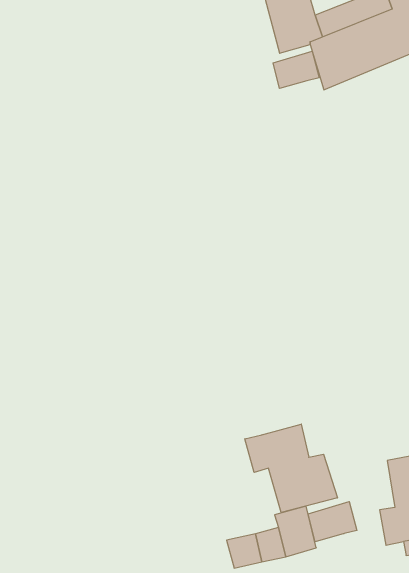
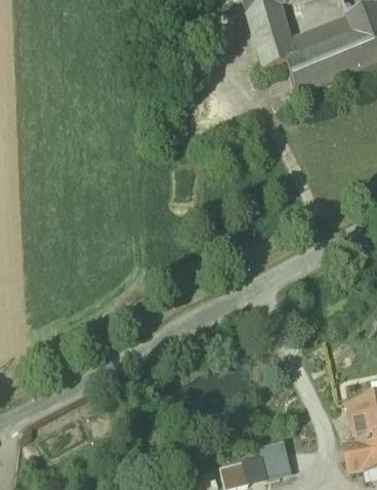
building: [273,51,319,88] -> none
building: [245,424,337,513] -> none
building: [308,502,357,542] -> none

